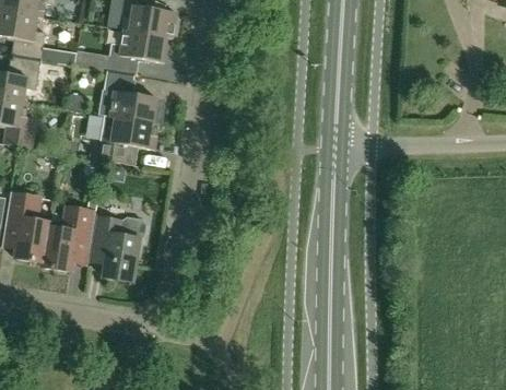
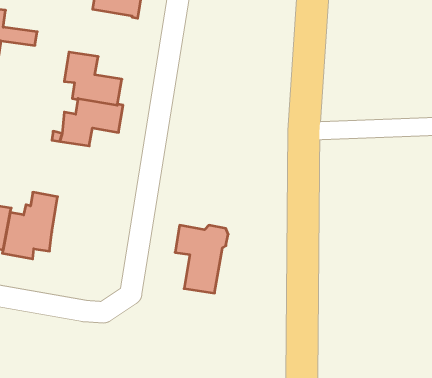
building: [106,28,167,75] -> none
building: [94,215,145,281] -> [175,225,228,293]

